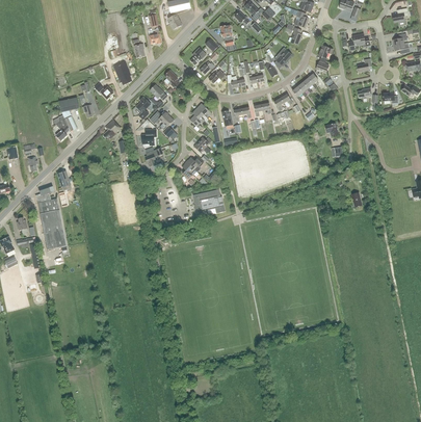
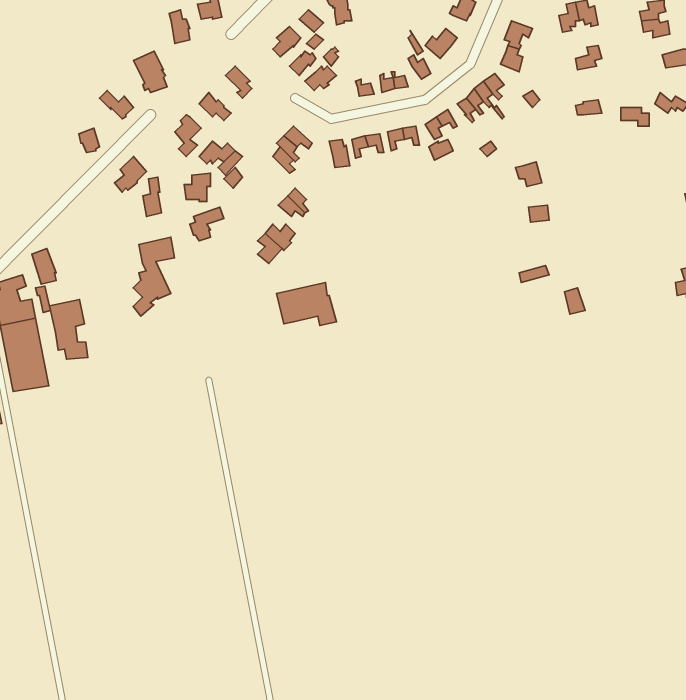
building: [56,97,79,140] -> [133,237,175,316]
building: none -> [50,299,88,359]

